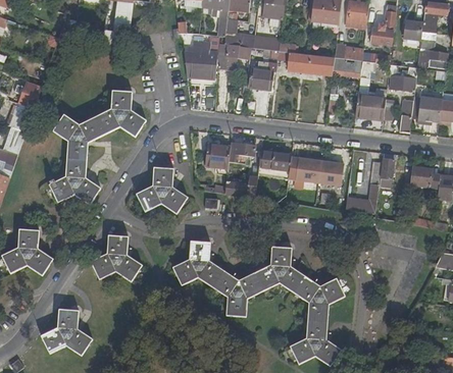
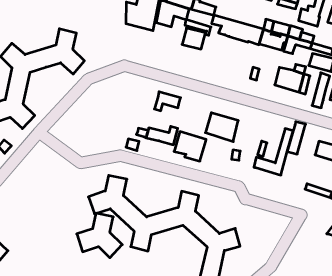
building: [204,144,231,169] -> none
building: [258,150,291,178] -> [174,132,206,161]
building: [319,160,345,186] -> none
building: [136,167,188,213] -> none
building: [91,235,142,281] -> [77,213,122,258]

